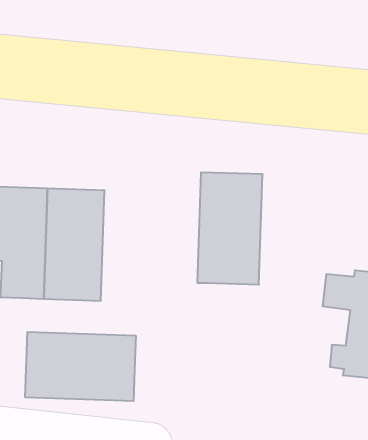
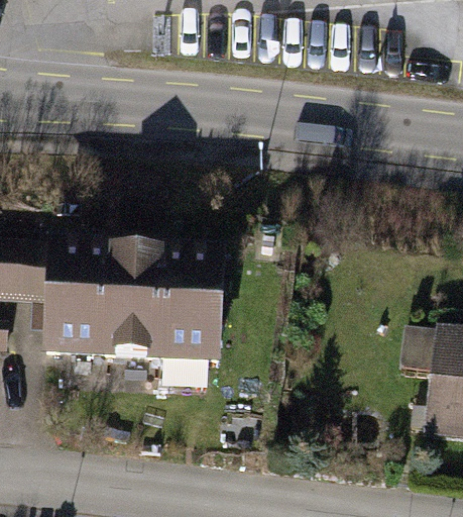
building: [197,172,263,285] -> [153,236,225,359]
building: [25,332,136,401] -> none

